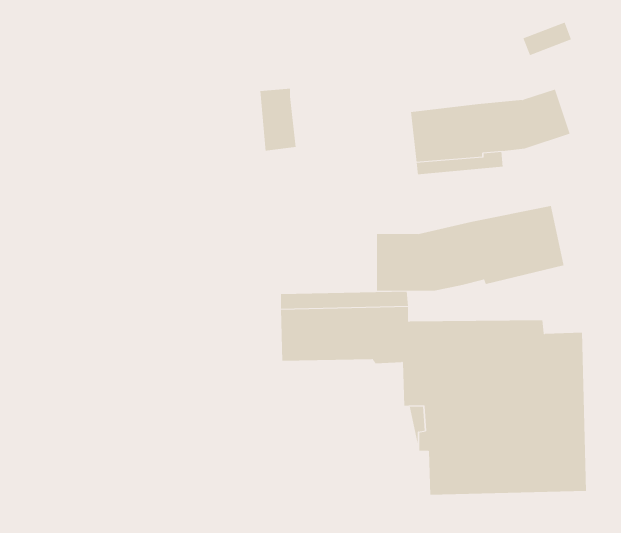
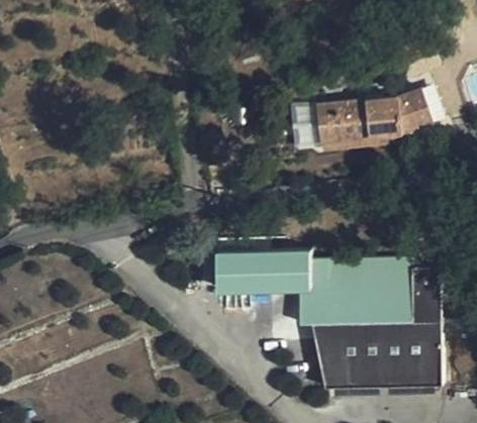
building: [260,88,296,151] -> [288,101,315,147]
building: [376,205,564,291] -> none

